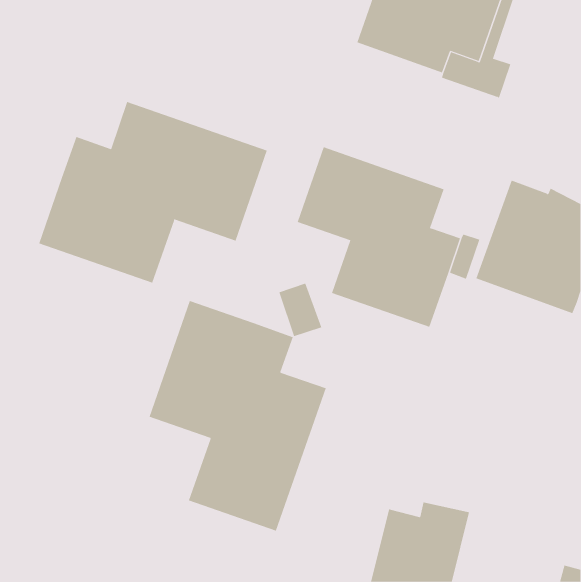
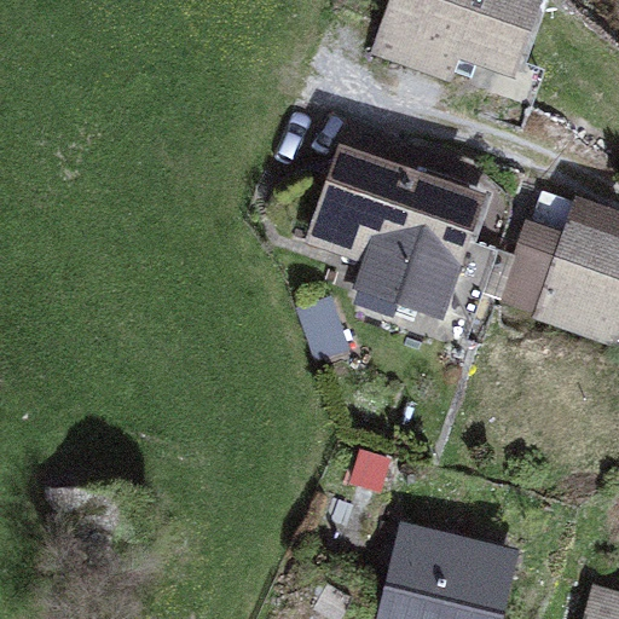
building: [39,101,268,284] -> none
building: [149,300,326,532] -> none

